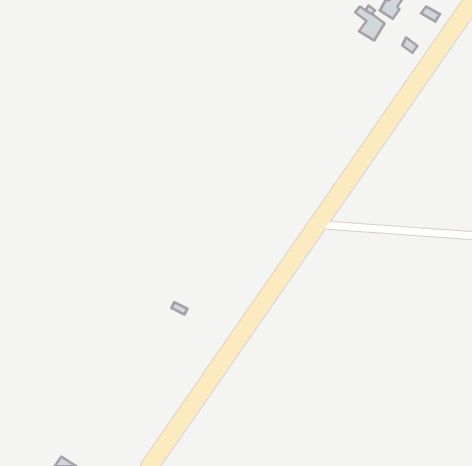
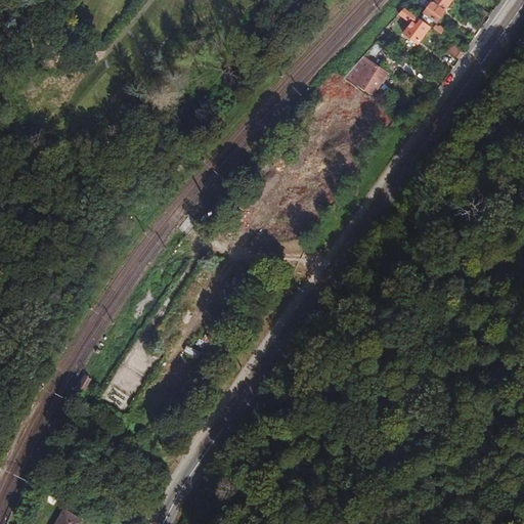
building: none -> [355,60,387,94]

